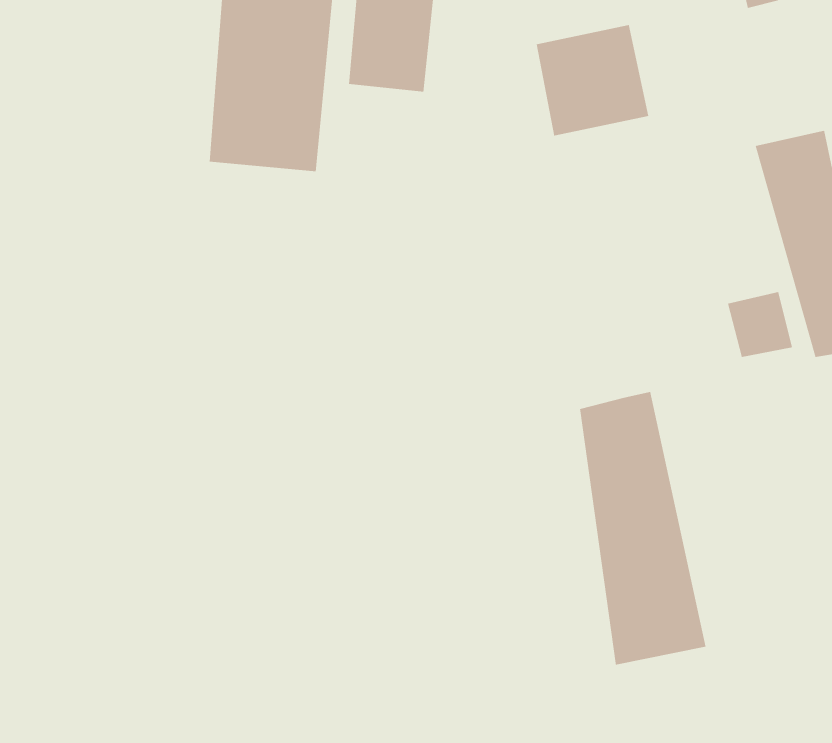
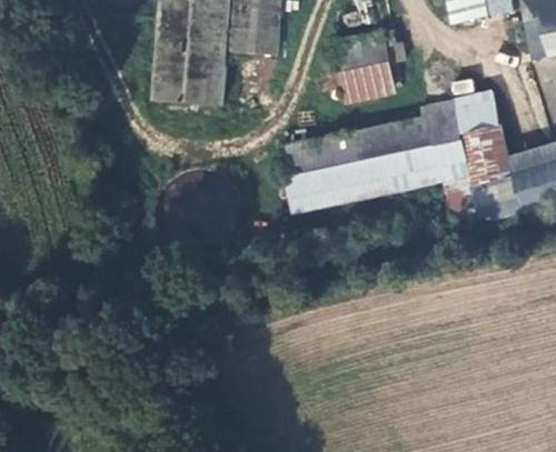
building: none -> [280,100,467,199]
building: [580,391,706,665] -> none

